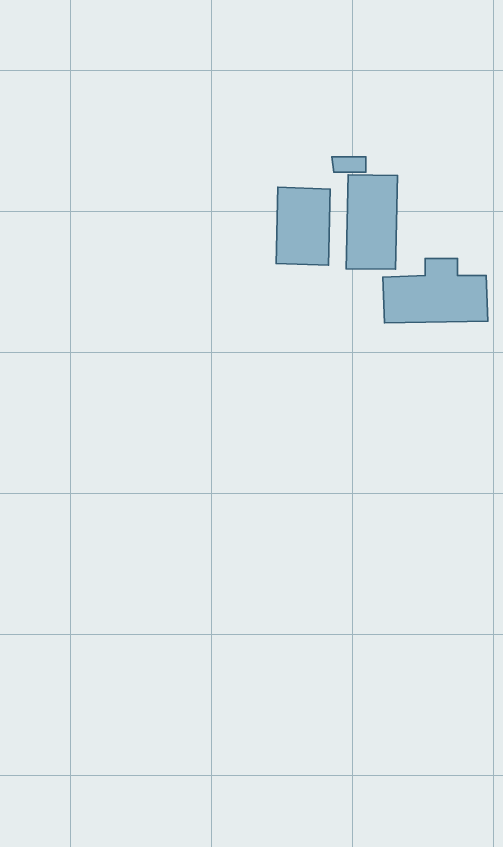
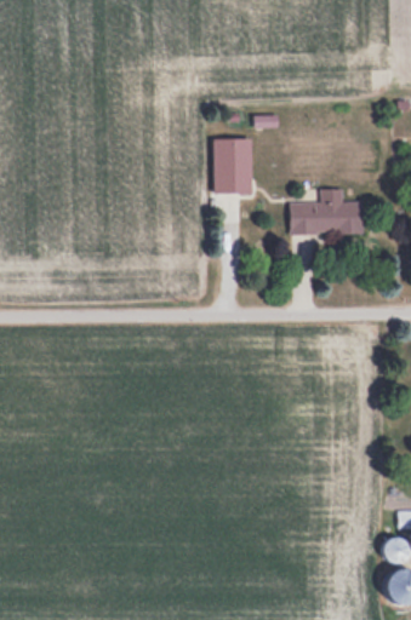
building: [346,175,398,269] -> none

